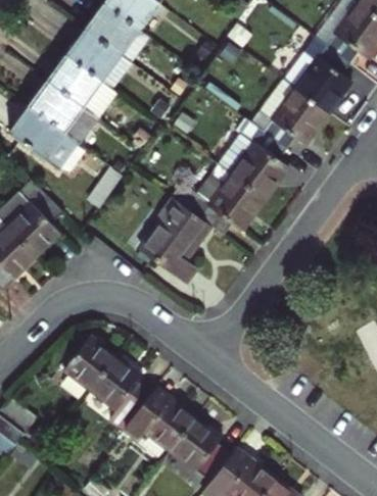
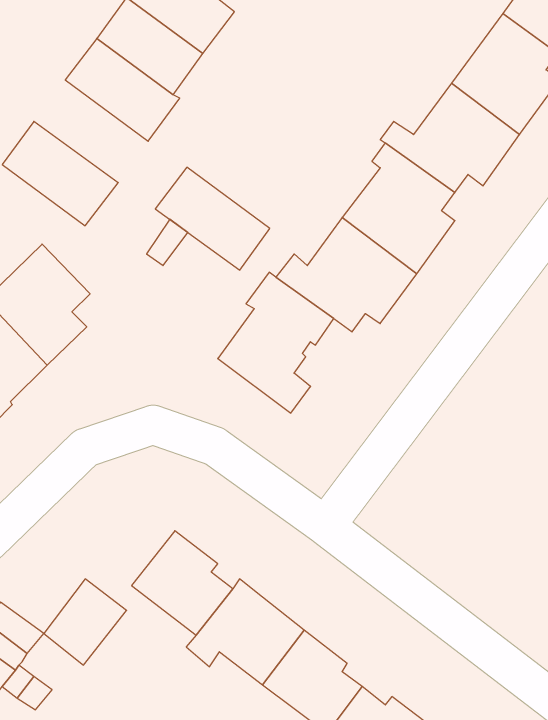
building: [28,80,98,143] -> [155,167,270,270]
building: [63,338,114,391] -> [44,579,127,665]

